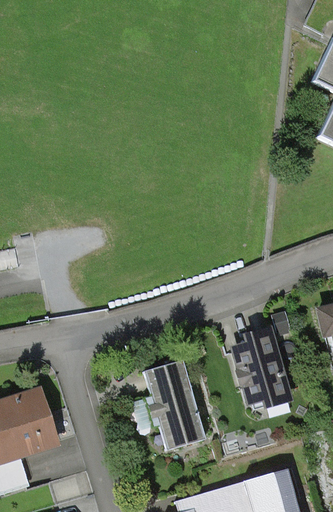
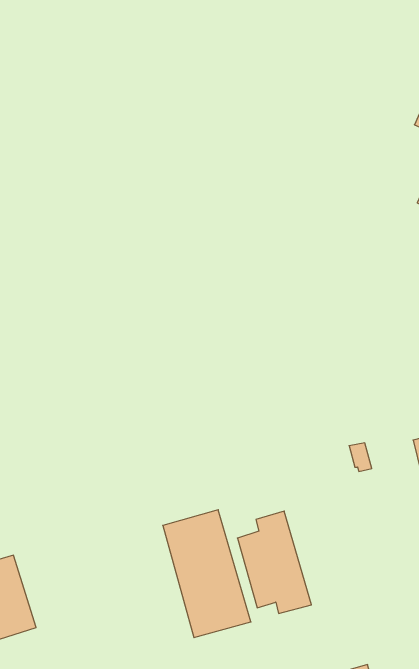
building: [235,331,287,403] -> [237,511,311,613]

